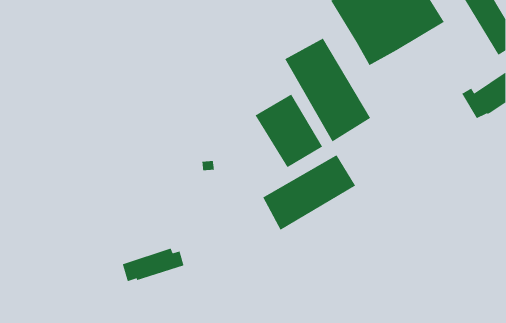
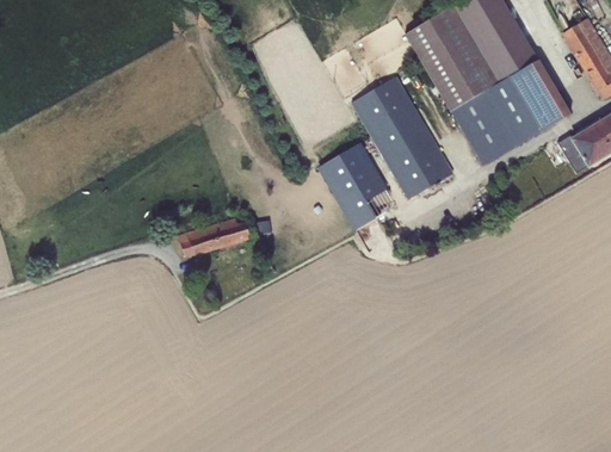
building: none -> [450,58,570,165]
building: [262,154,356,231] -> none
building: [122,247,184,282] -> [178,216,251,256]

